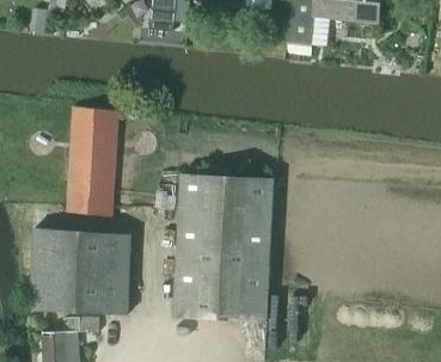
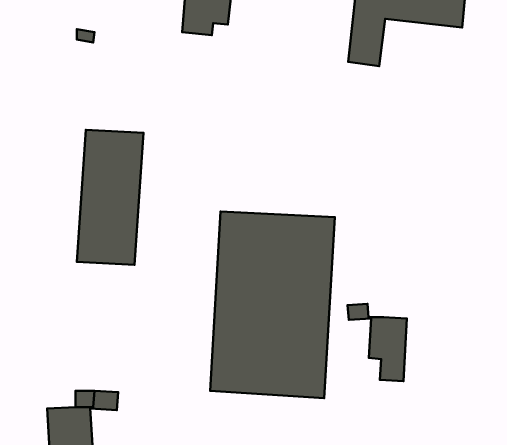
building: [30,227,131,314] -> none
building: none -> [348,304,407,381]

